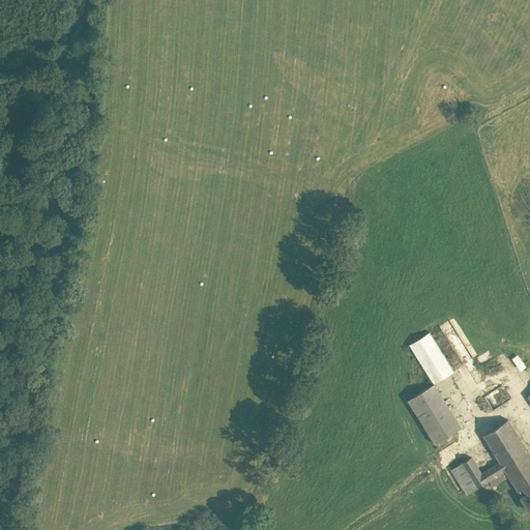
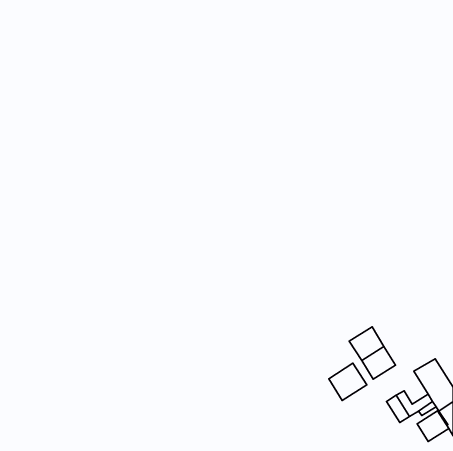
building: [410,333,453,384] -> none
building: none -> [329,363,367,400]
building: none -> [417,411,449,442]

